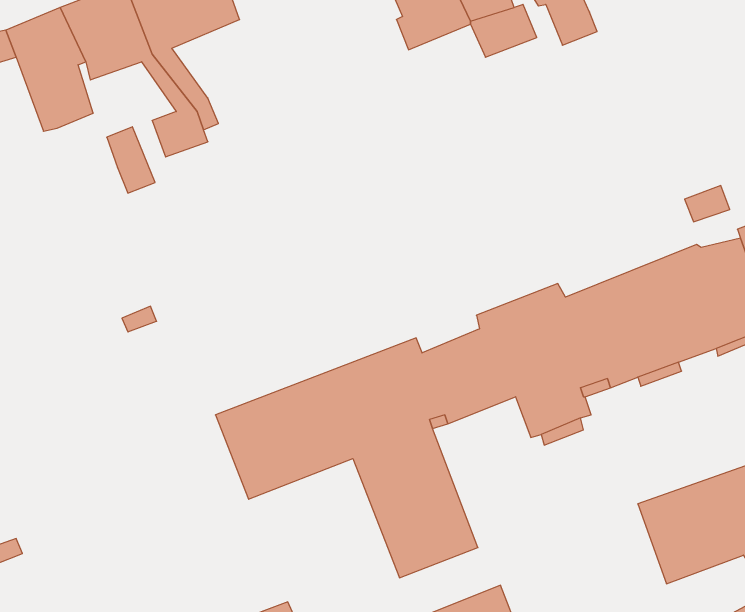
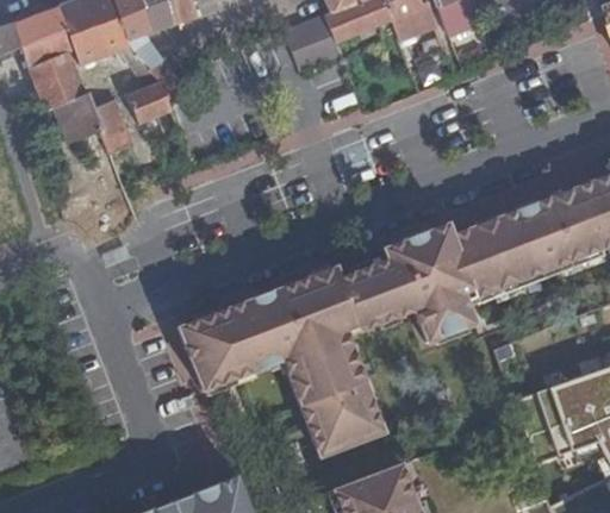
building: none -> [276,17,335,70]
building: none -> [52,90,100,140]

